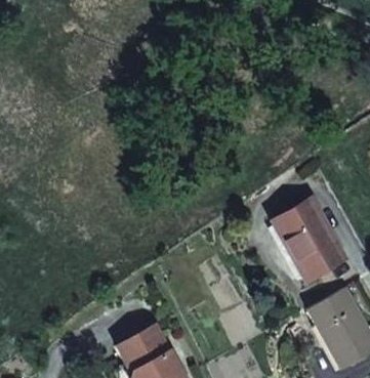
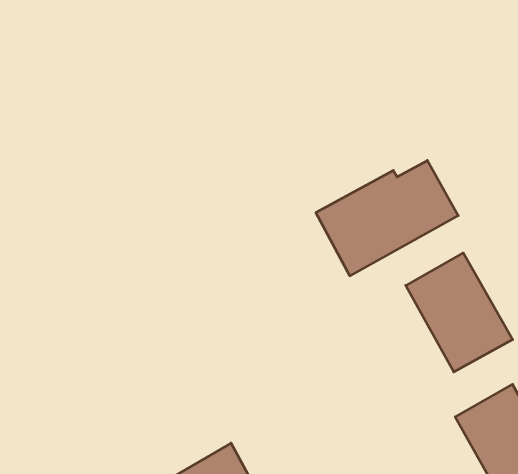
building: none -> [316,160,458,276]

